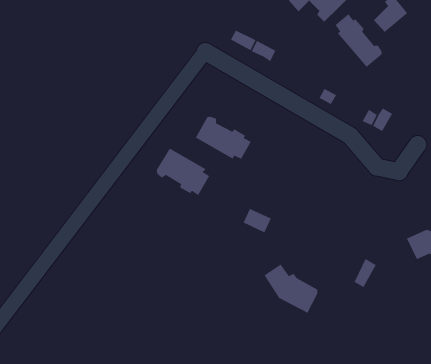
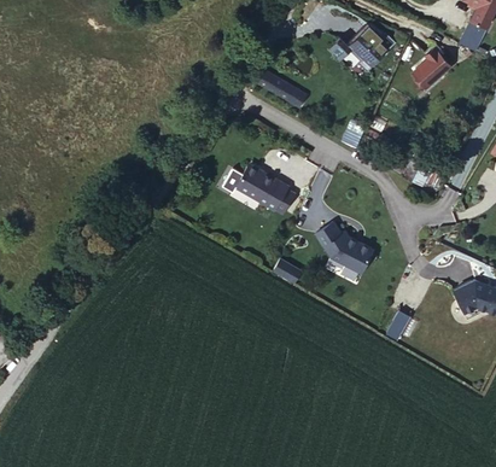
building: [334,13,382,68] -> none
building: [156,147,210,196] -> none
building: [263,264,318,314] -> [310,222,367,274]

